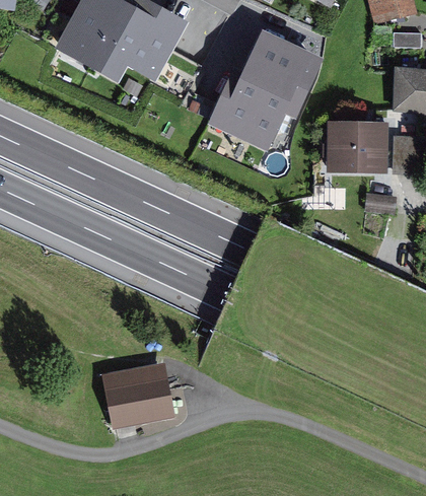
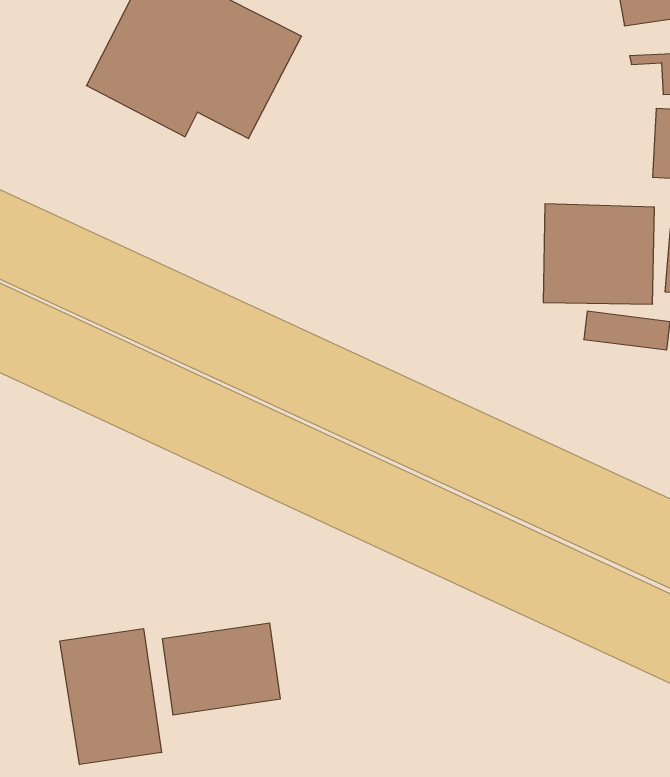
building: [208,31,324,151] -> none
building: none -> [60,629,162,765]

